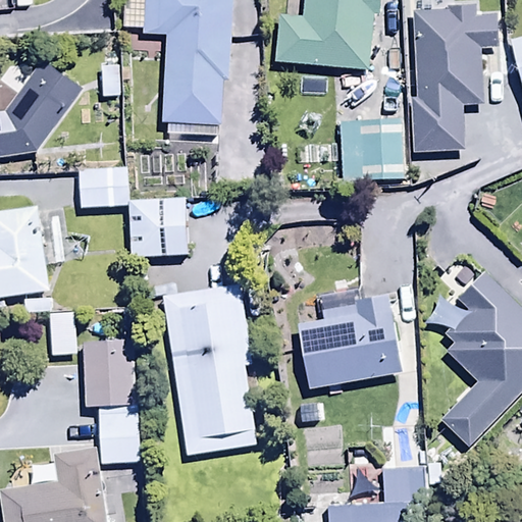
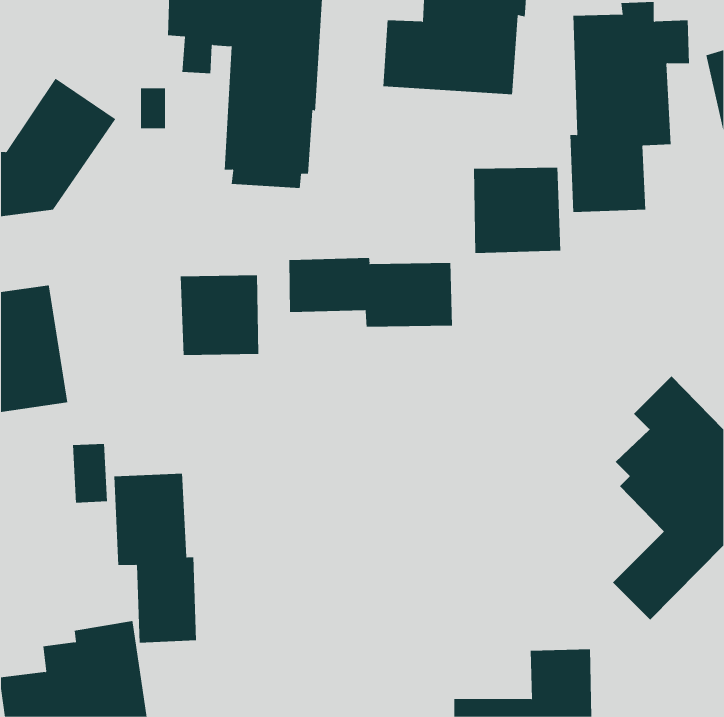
building: [79,167,127,206] -> none
building: none -> [289,257,453,328]
building: [162,283,256,454] -> none
building: [297,289,402,388] -> none

